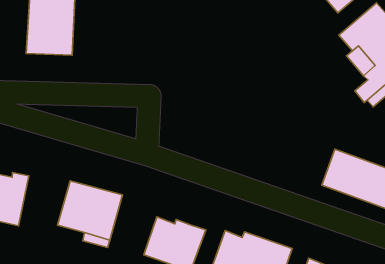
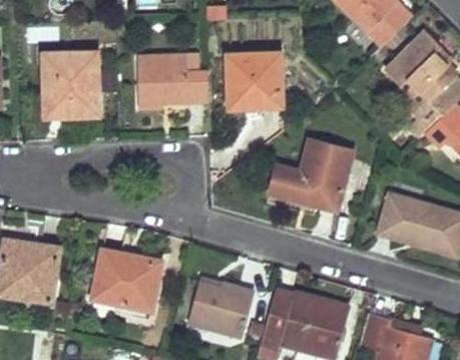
building: none -> [135,54,207,104]
building: none -> [227,52,281,106]
building: none -> [269,136,351,208]

